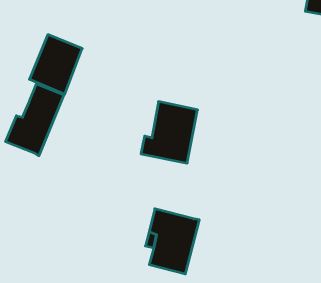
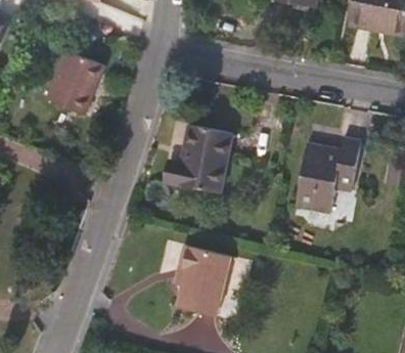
building: [6,84,64,156] -> none
building: none -> [296,138,359,212]

